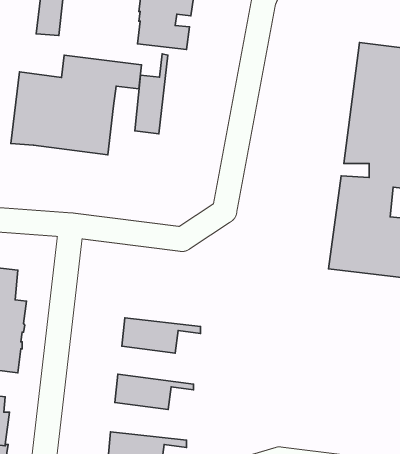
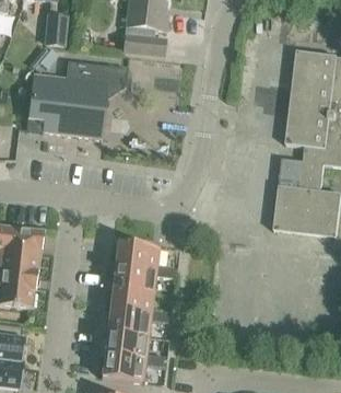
building: [135,54,168,134] -> none
building: none -> [115,241,175,271]
building: none -> [109,287,169,316]
building: none -> [104,331,164,360]

